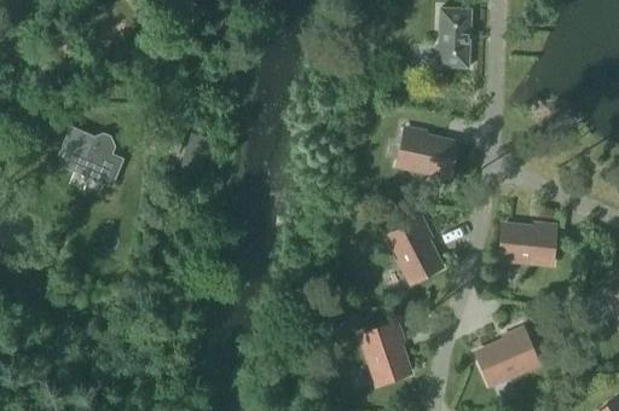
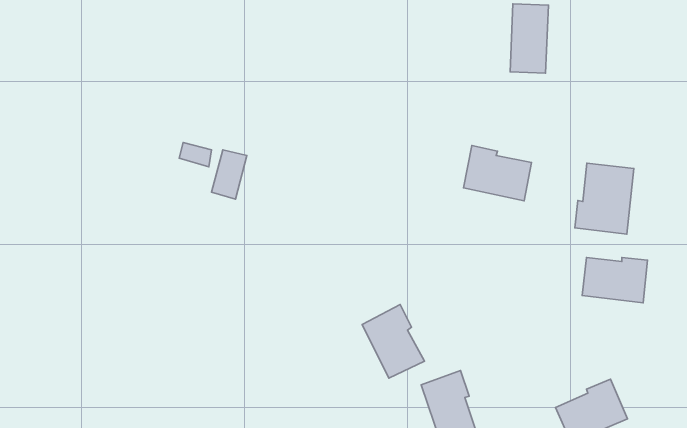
building: [58,126,125,187] -> none
building: none -> [575,163,634,234]
building: [388,219,441,282] -> [362,305,424,378]

